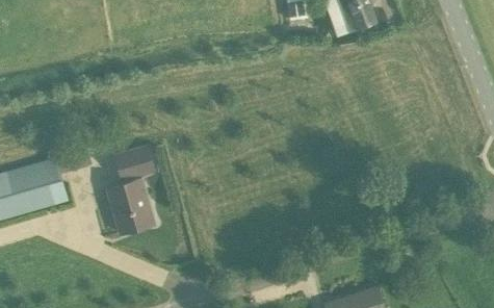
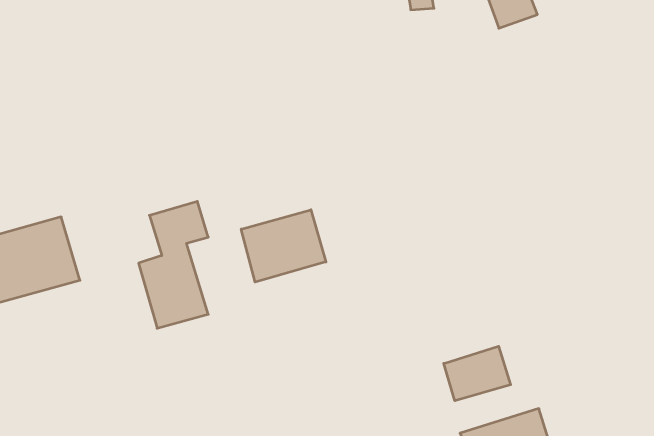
building: none -> [241,210,326,282]
building: none -> [444,346,511,401]

